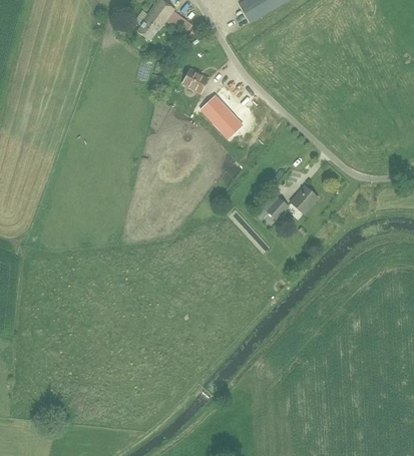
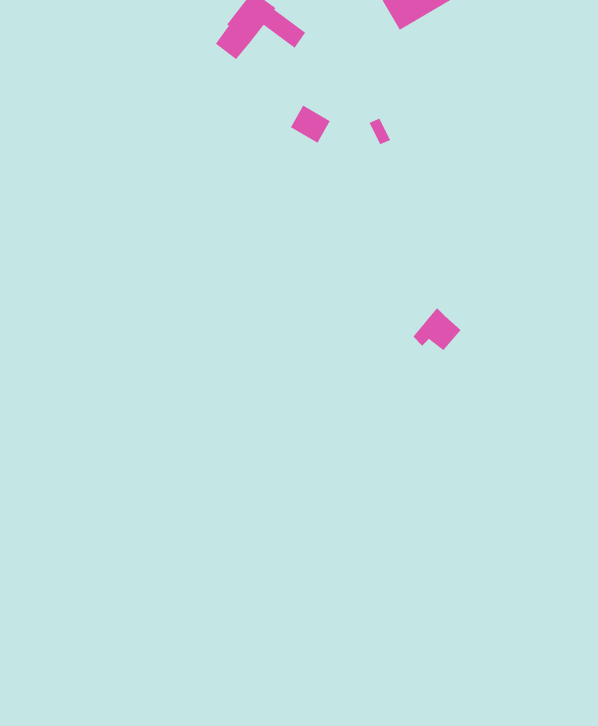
building: [200,95,243,138] -> none
building: [290,185,318,212] -> none

